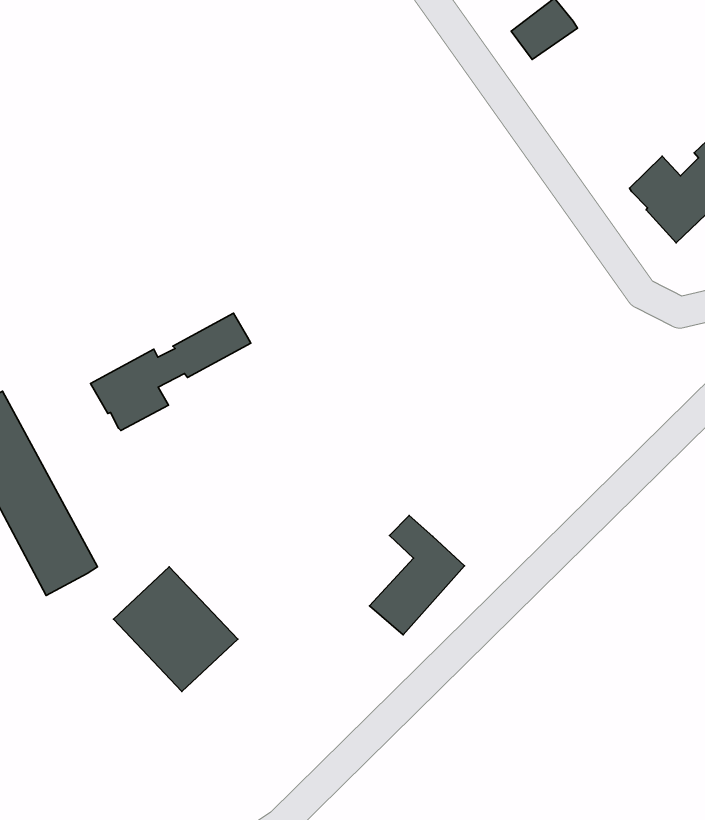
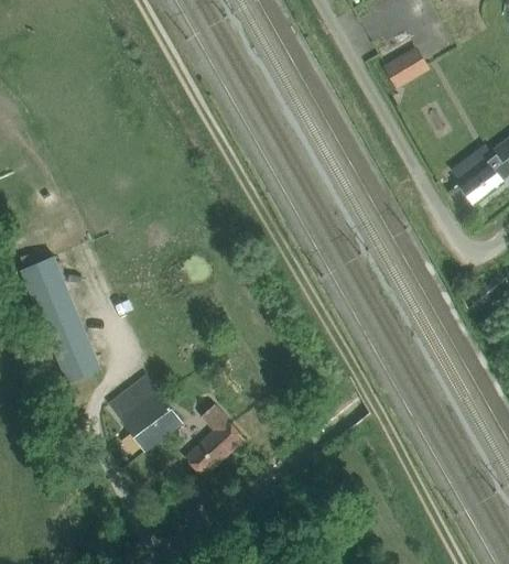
building: [90,313,251,430] -> none
building: [370,516,464,635] -> [184,404,245,477]

